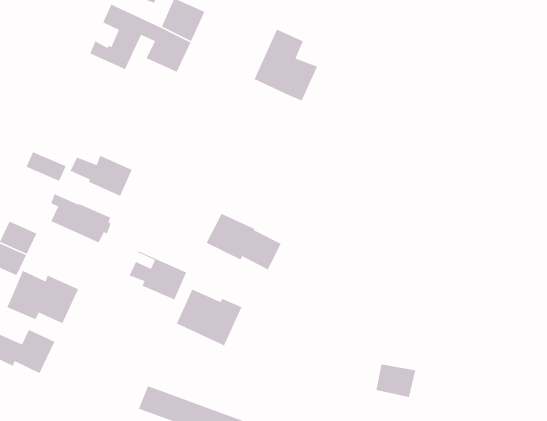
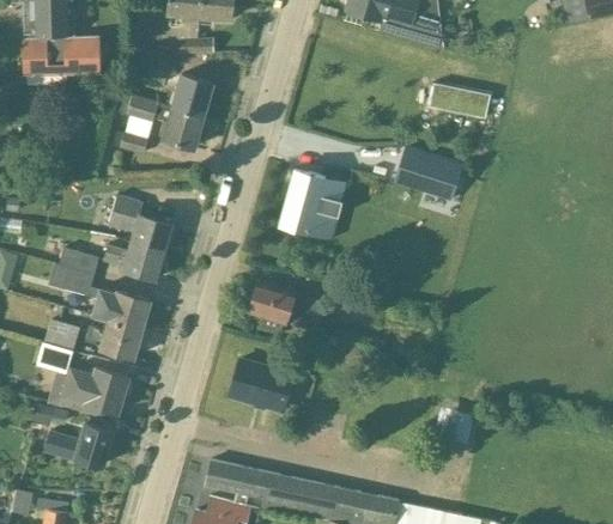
building: [253,28,318,101] -> [279,170,341,238]
building: none -> [427,83,490,116]
building: none -> [395,148,461,200]
building: none -> [107,195,172,251]
building: none -> [47,262,95,297]
building: [129,250,187,301] -> [85,315,142,359]

